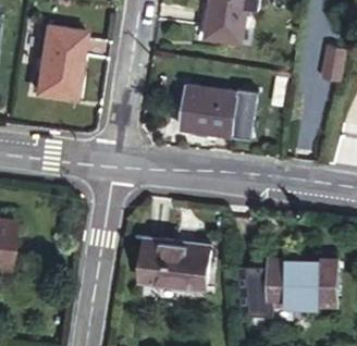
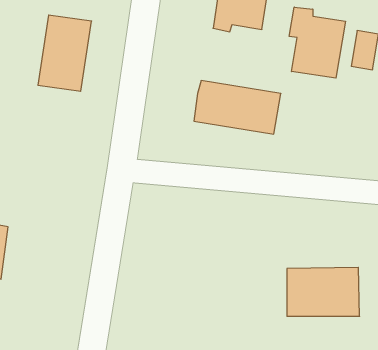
building: none -> [289,7,345,78]
building: [136,240,207,289] -> none

